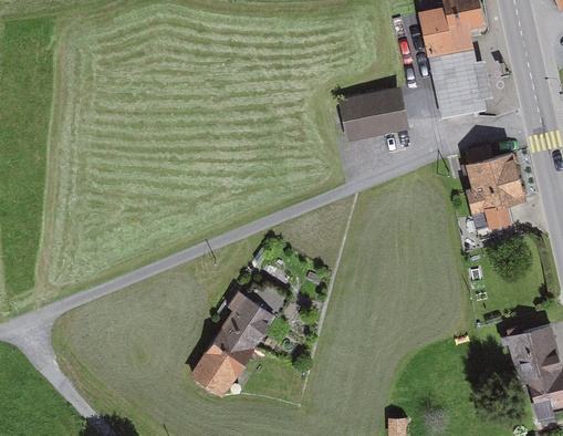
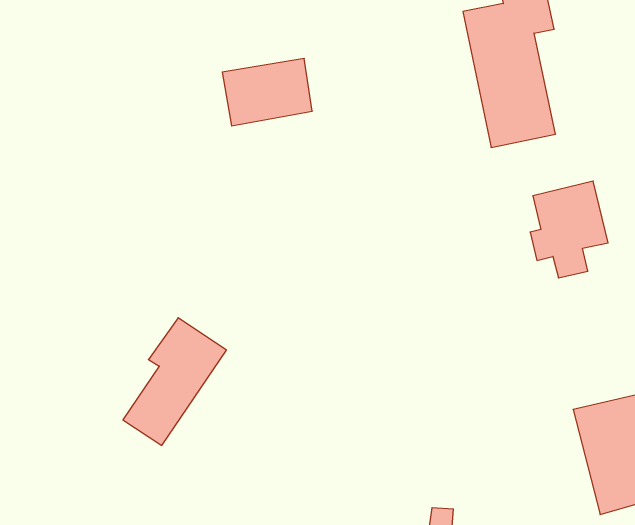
building: [332,85,406,141] -> [222,59,312,126]
building: [192,291,278,396] -> [123,318,226,445]

